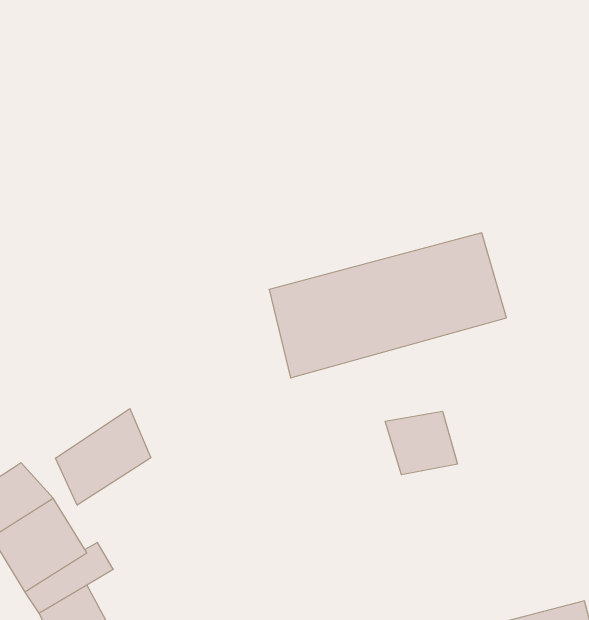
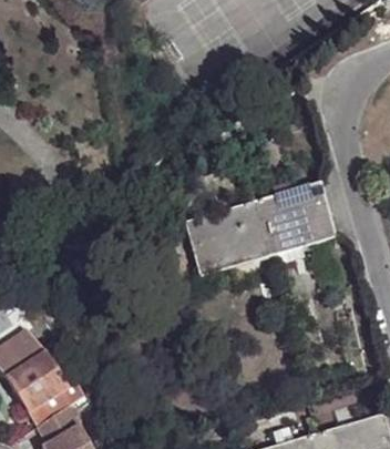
building: [55,409,151,505] -> none
building: [385,411,457,475] -> none

